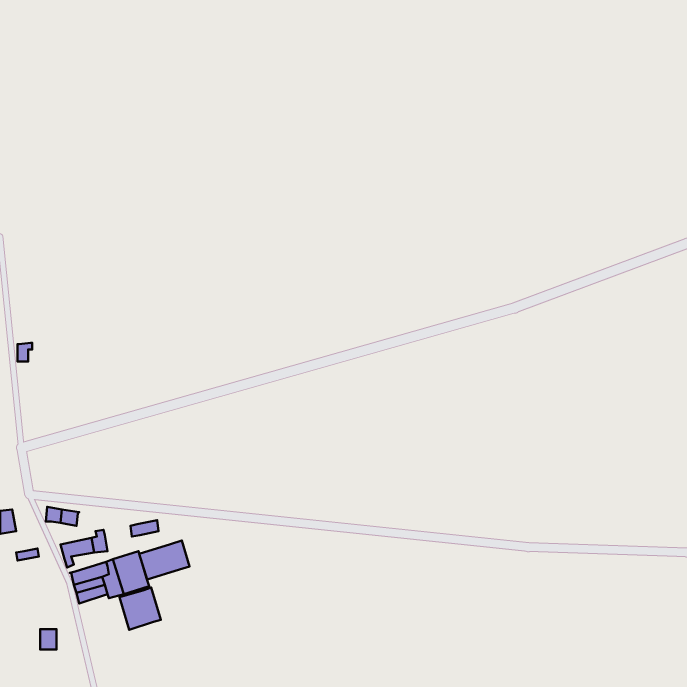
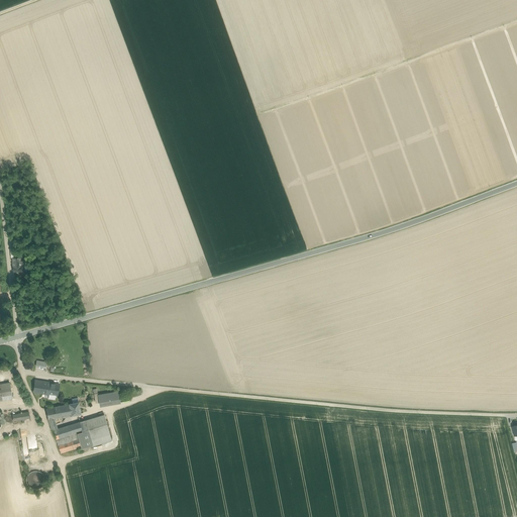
building: [139,541,190,580] -> none
building: [120,588,161,630] -> none

